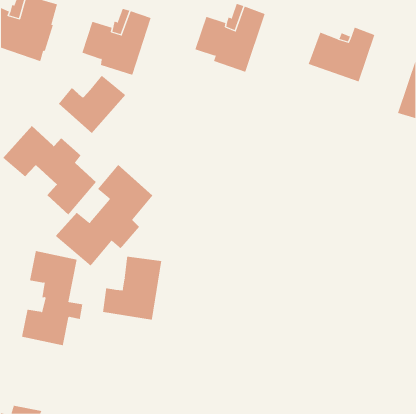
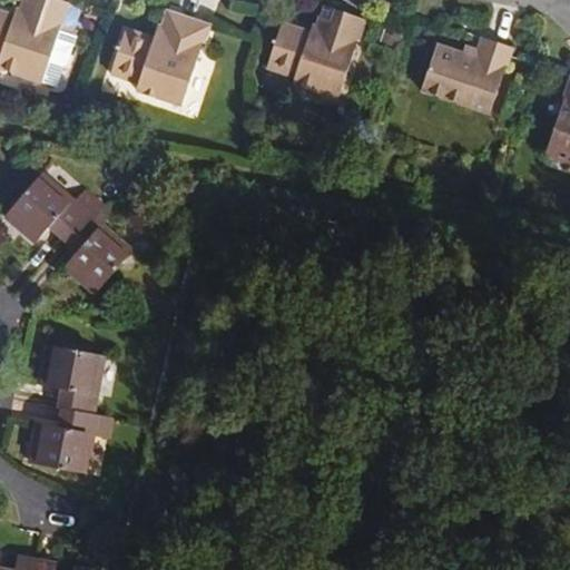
building: [58,75,126,134] -> none
building: [55,164,153,267] -> none
building: [103,256,162,321] -> none

